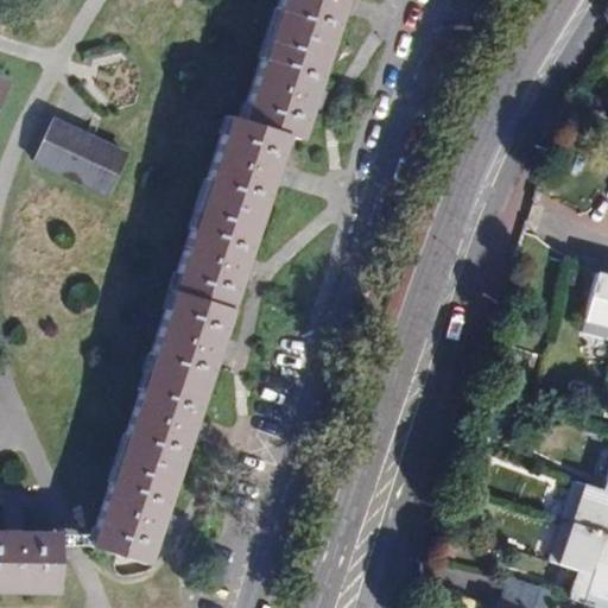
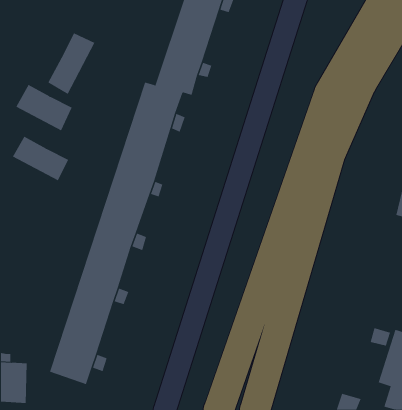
building: none -> [47,32,95,95]
building: none -> [12,136,69,181]

